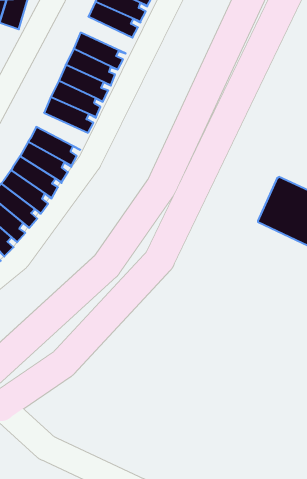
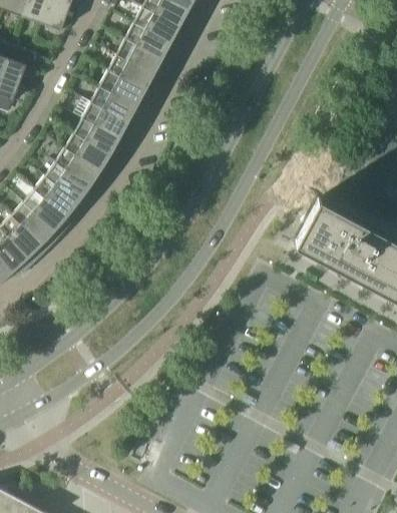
building: none -> [121,25,174,65]
building: none -> [70,121,123,161]

